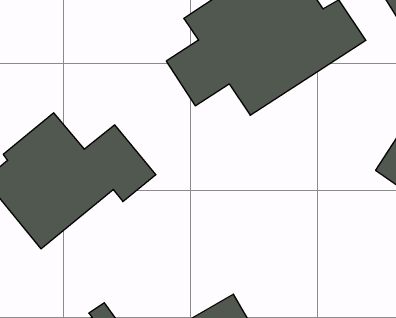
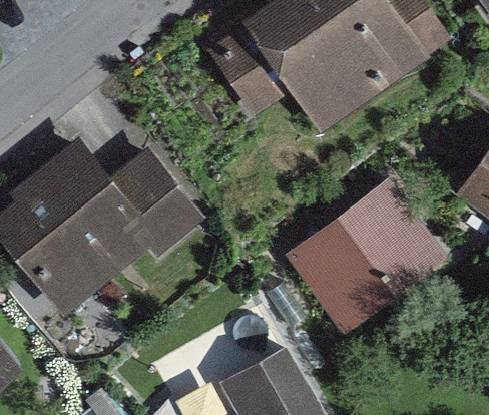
building: none -> [300,185,439,316]

